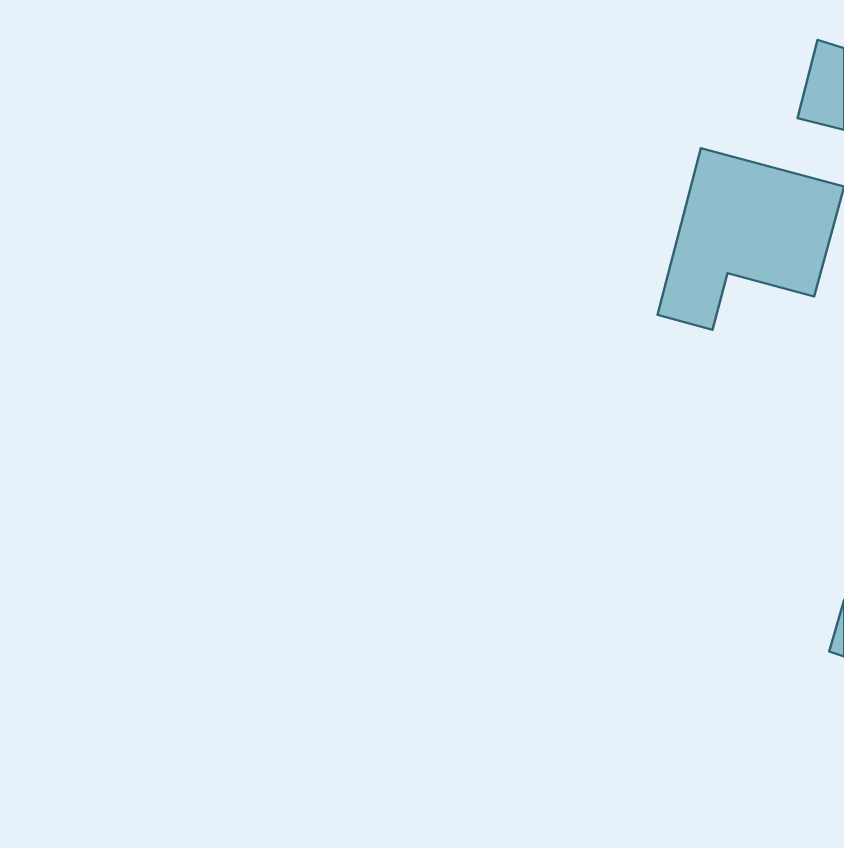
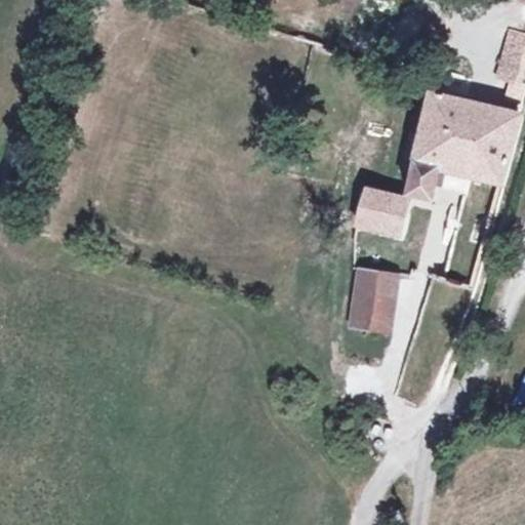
building: none -> [352,184,409,231]
building: none -> [345,266,409,336]

